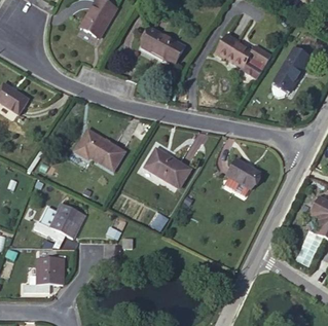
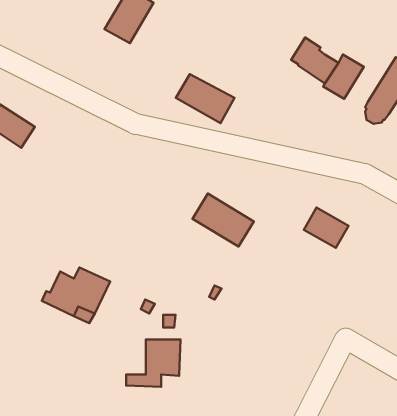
building: [142,28,185,64] -> [176,74,234,123]
building: [75,129,124,170] -> none
building: [24,257,64,292] -> [126,340,181,387]

